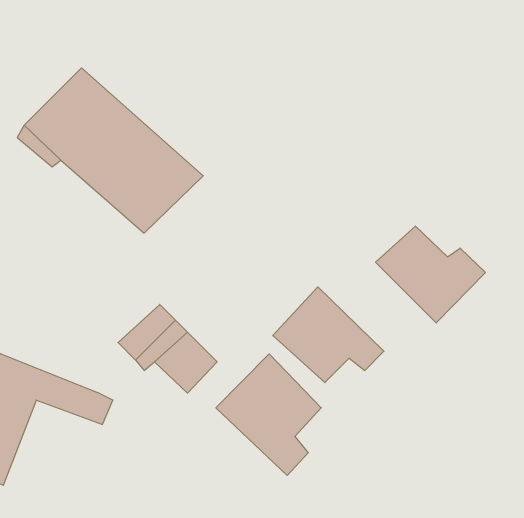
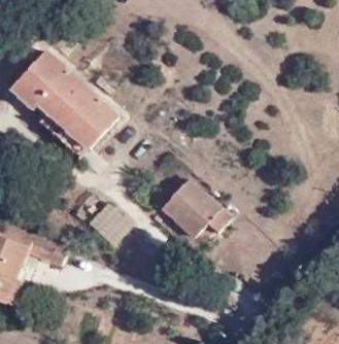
building: [376,226,485,323] -> none
building: [216,354,321,475] -> none

